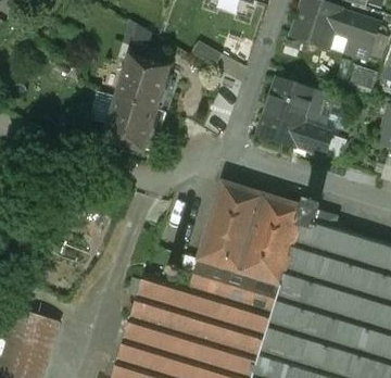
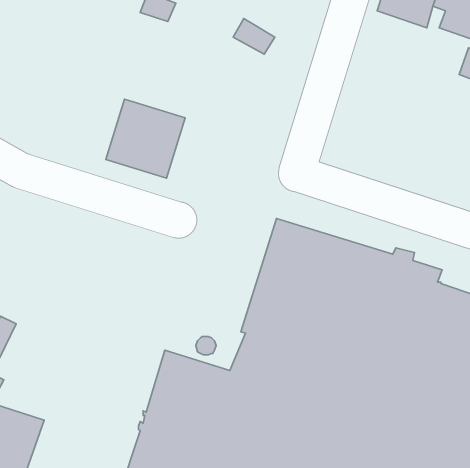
building: [115,54,175,110] -> none
building: [258,79,332,155] -> none

